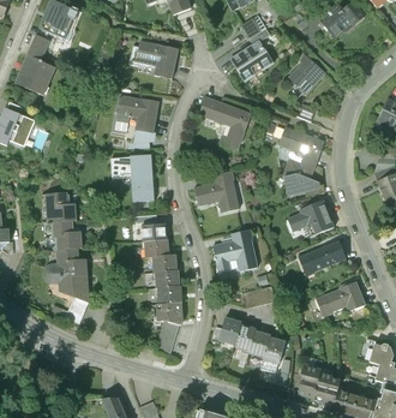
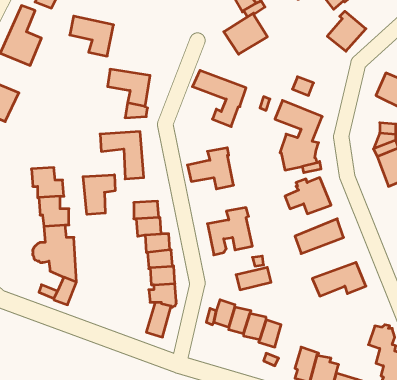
building: [134,40,176,78] -> [70,16,114,56]
building: [287,55,324,94] -> [327,11,366,51]
building: none -> [83,175,115,214]

